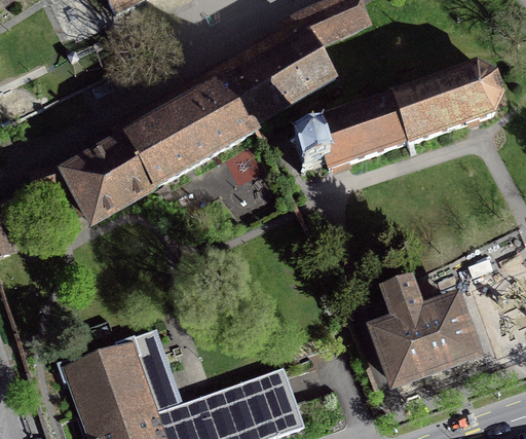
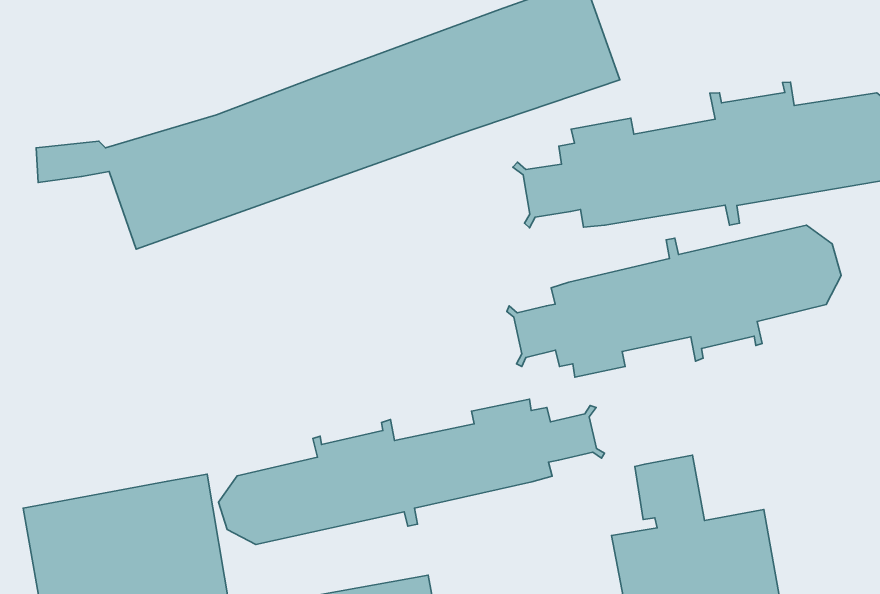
building: none -> [507,225,841,377]
building: none -> [218,399,604,544]

